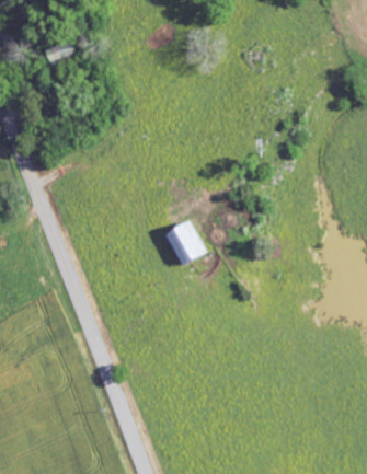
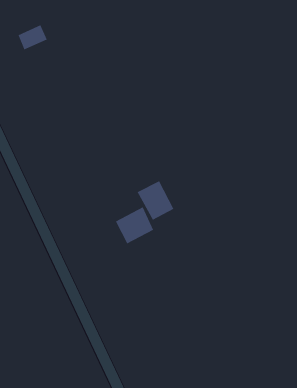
building: none -> [115,206,154,244]

